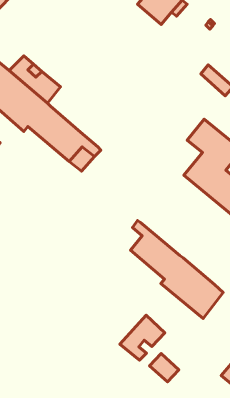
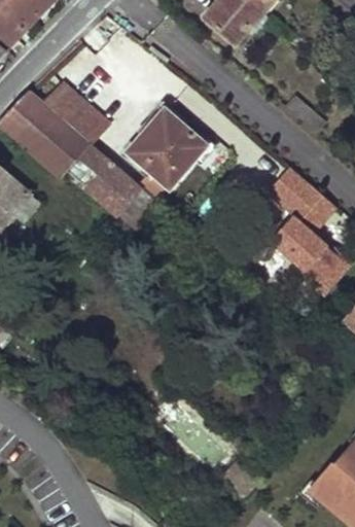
building: none -> [127,108,207,199]
building: [131,220,223,319] -> none
building: [120,315,165,360] -> none

